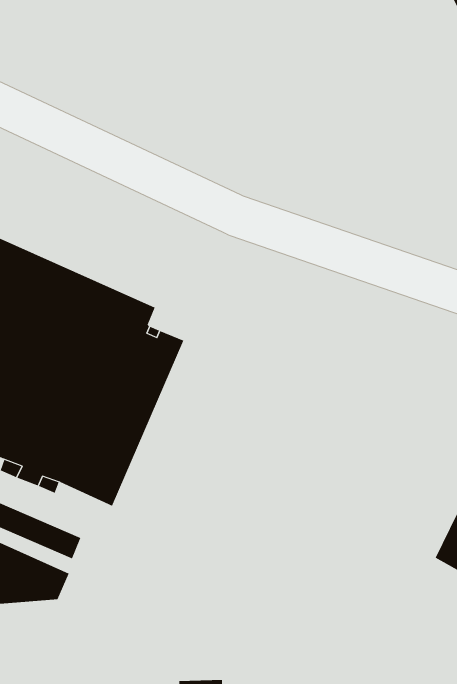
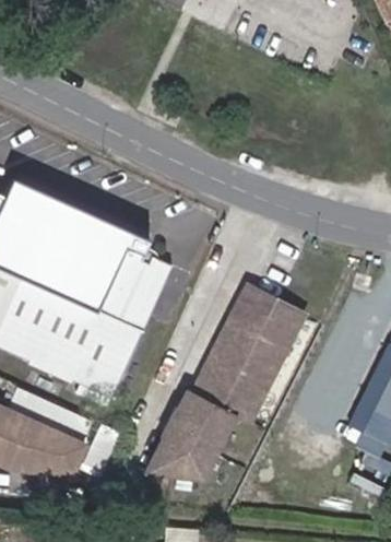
building: none -> [147,285,304,480]

